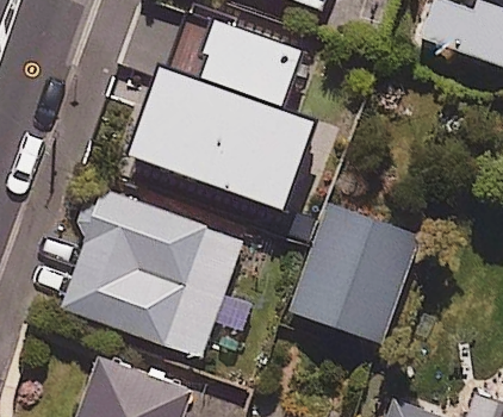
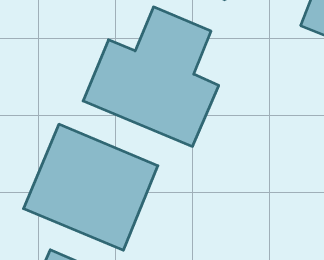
building: [286,203,417,343] -> none

